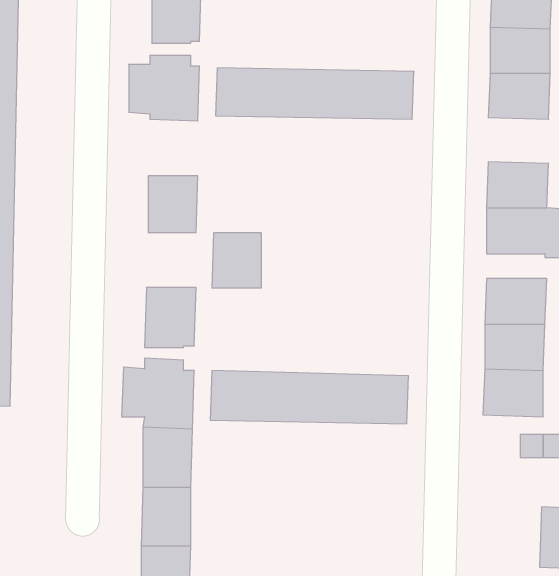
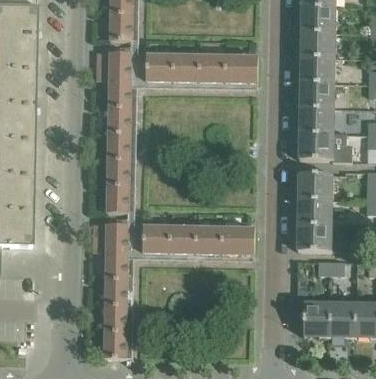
building: none -> [300,81,334,107]
building: none -> [108,82,136,114]
building: [212,233,261,288] -> [107,146,135,177]
building: none -> [303,301,330,335]

